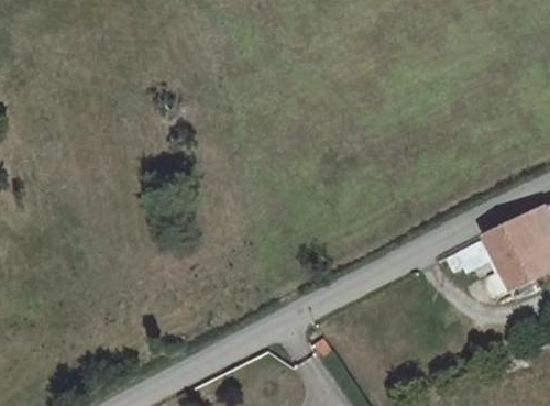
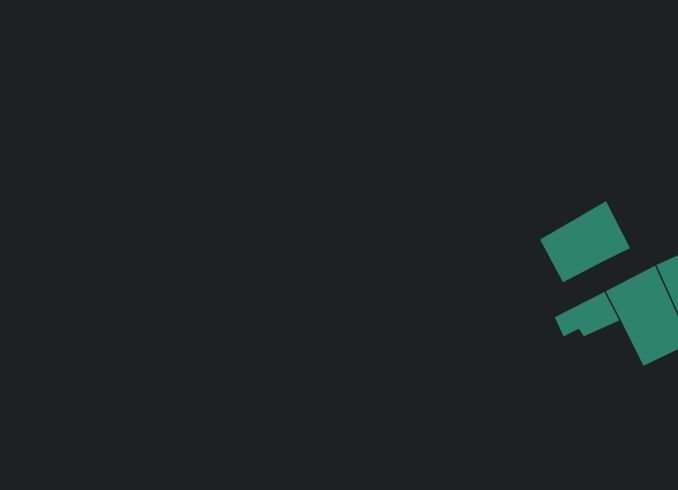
building: none -> [539,200,631,283]

